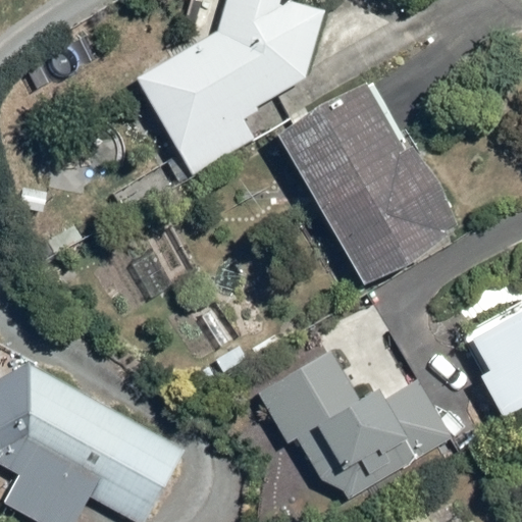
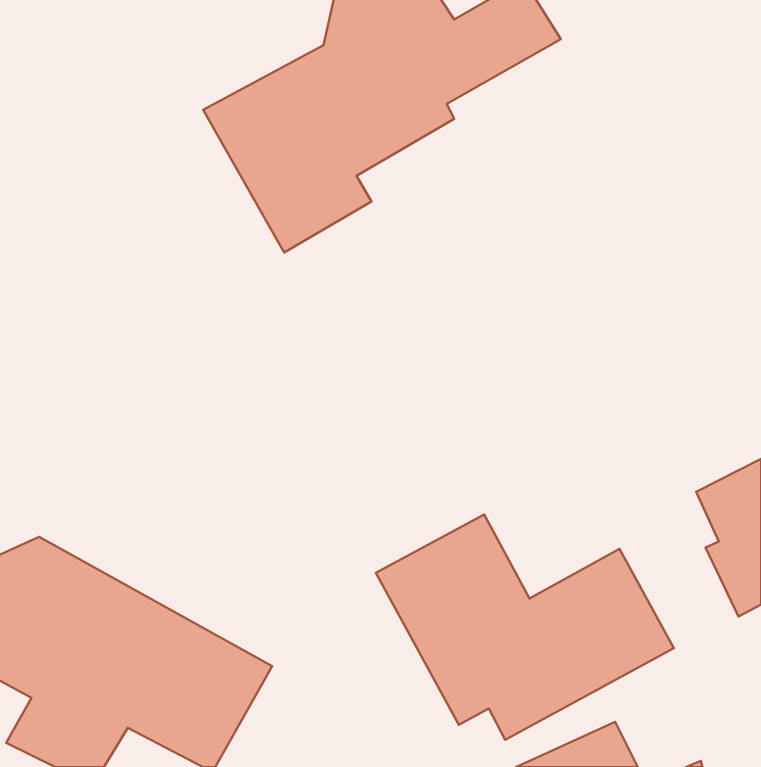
building: [277,76,459,288] -> none

